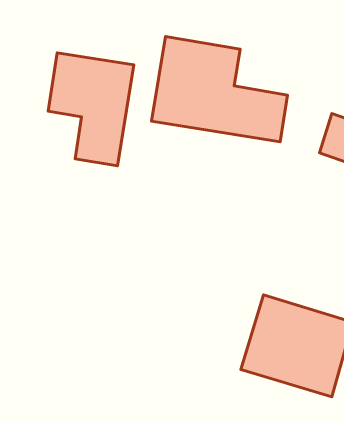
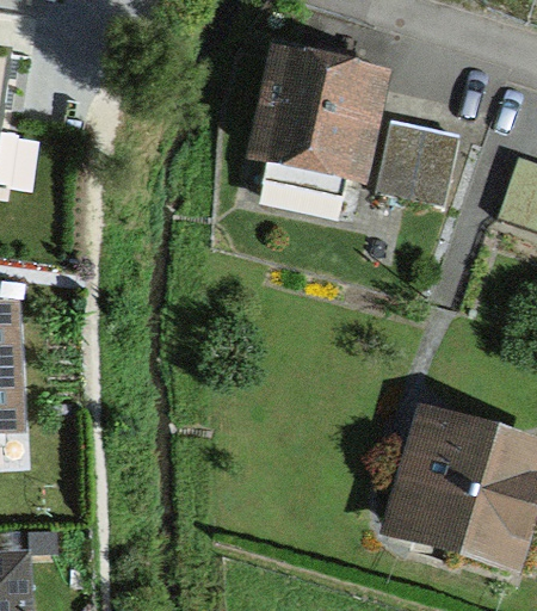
building: [48,53,134,166] -> none

